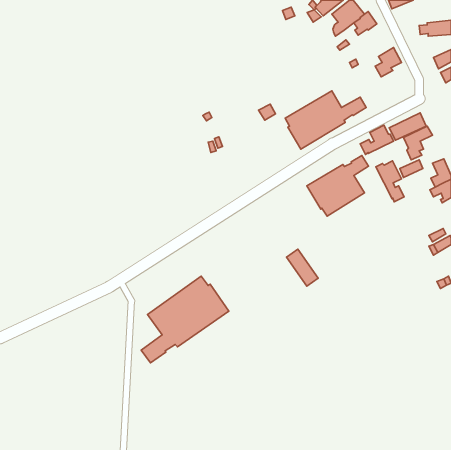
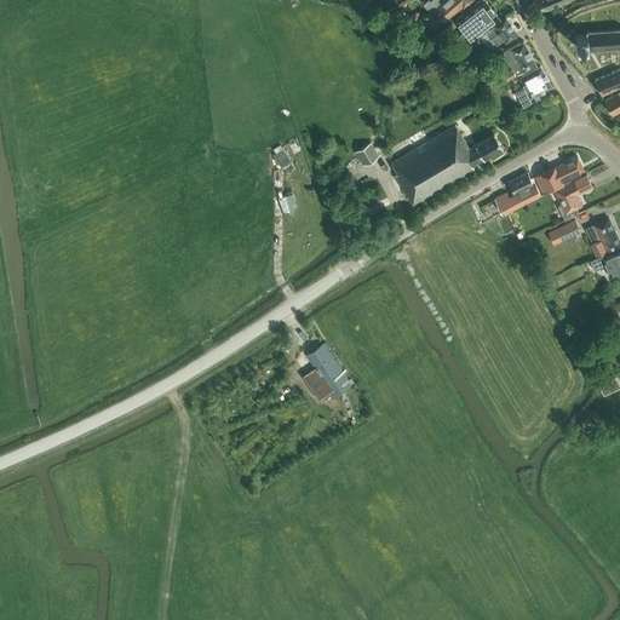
building: none -> [498,41,536,84]
building: [307,155,369,216] -> none
building: [376,161,404,202] -> none
building: [286,249,318,286] -> [306,345,350,396]
building: [141,276,229,363] -> none

